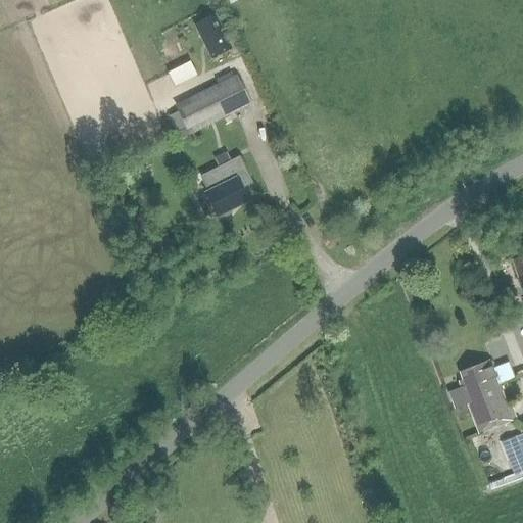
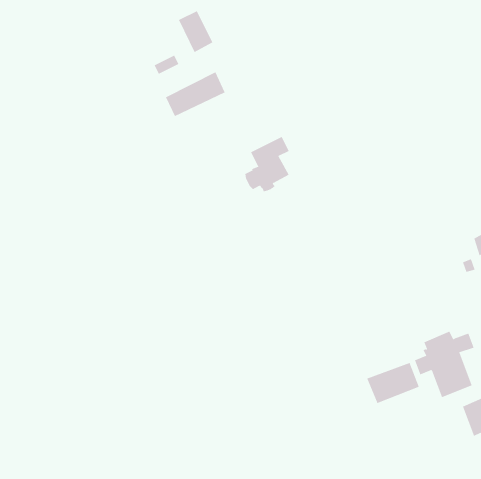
building: [198,155,247,216] -> [244,136,290,192]
building: none -> [366,362,420,404]

